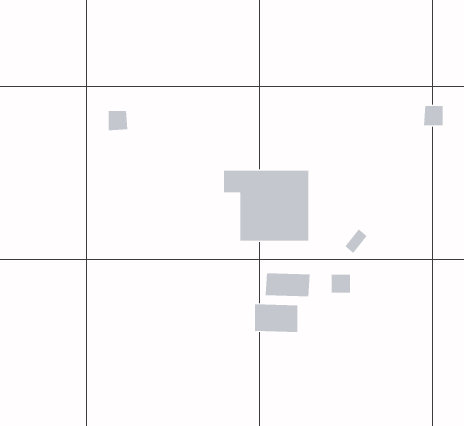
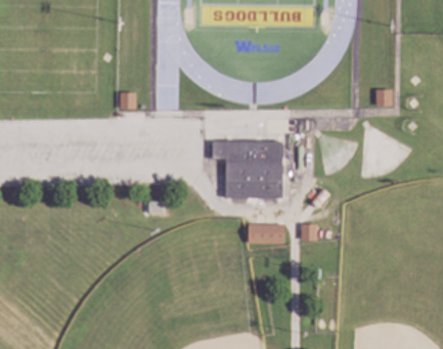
building: [254,304,298,333] -> none

